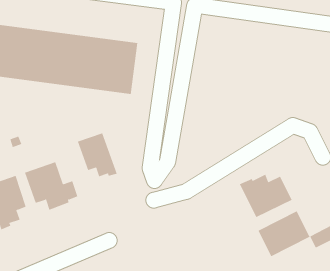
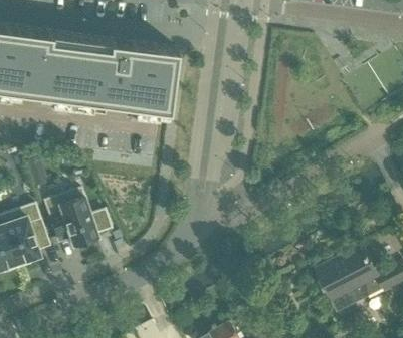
building: [77,133,118,177] -> none
building: [239,174,292,218] -> none

